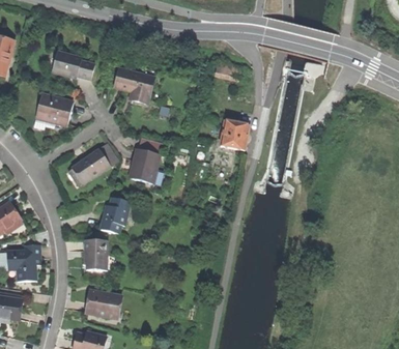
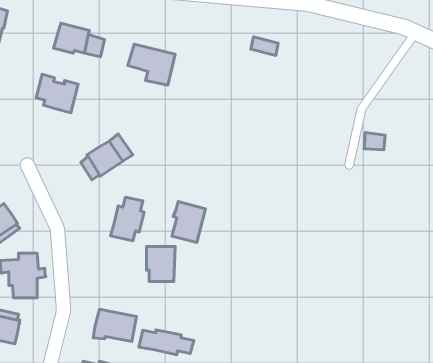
building: [219,120,249,151] -> none
building: [132,148,160,182] -> [172,202,206,243]
building: [85,239,109,268] -> [147,247,175,281]
building: none -> [139,330,194,355]

